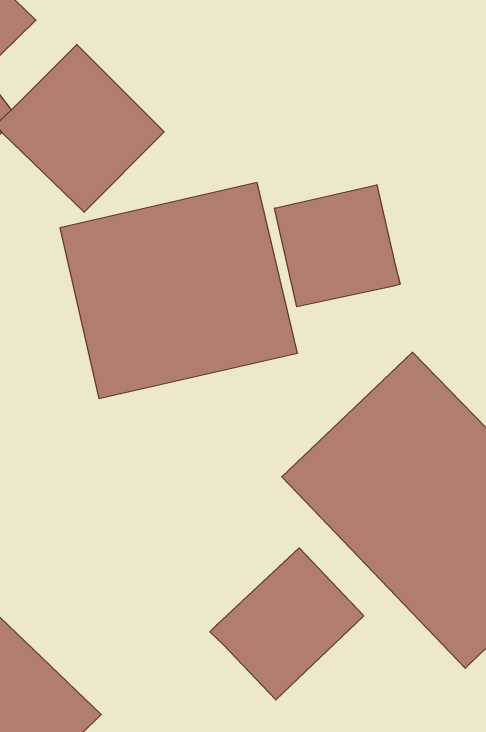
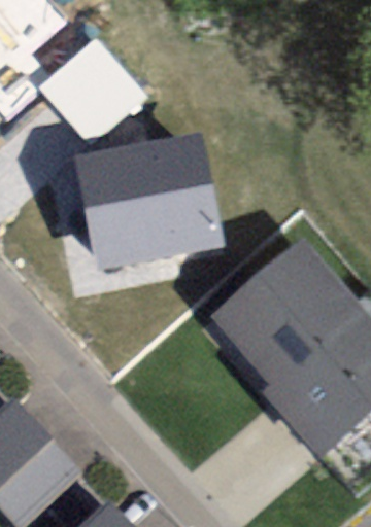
building: [275,185,400,307] -> none
building: [210,548,364,700] -> none

